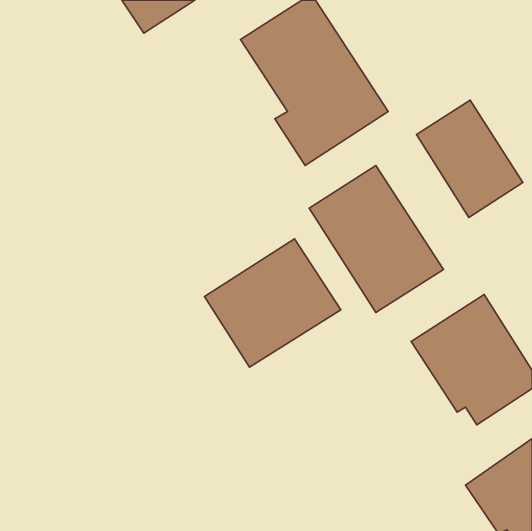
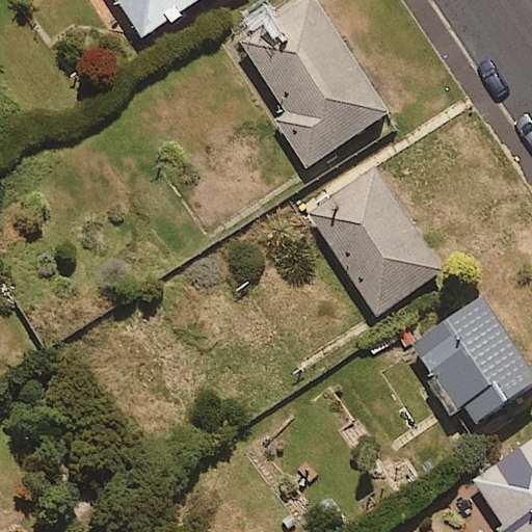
building: [417,100,523,217] -> none
building: [204,239,341,367] -> none

